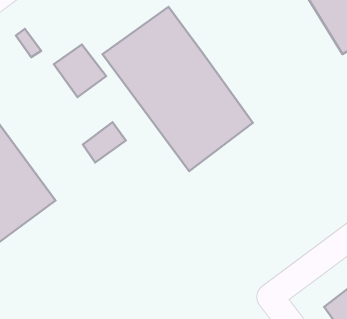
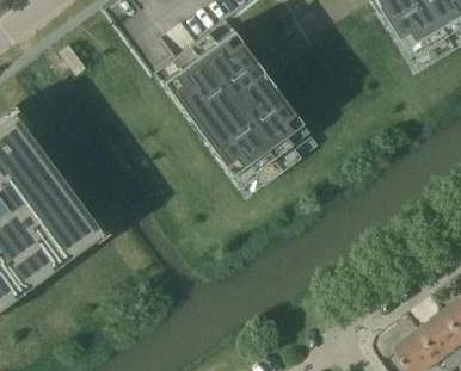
building: [54,44,106,97] -> none
building: [83,122,126,162] -> none

